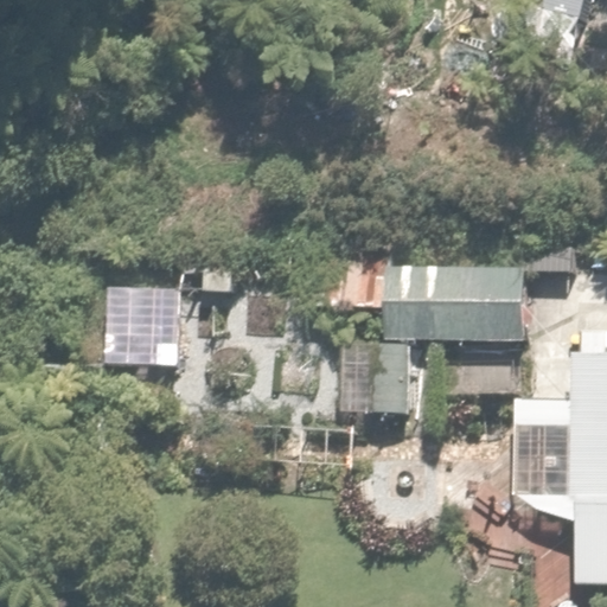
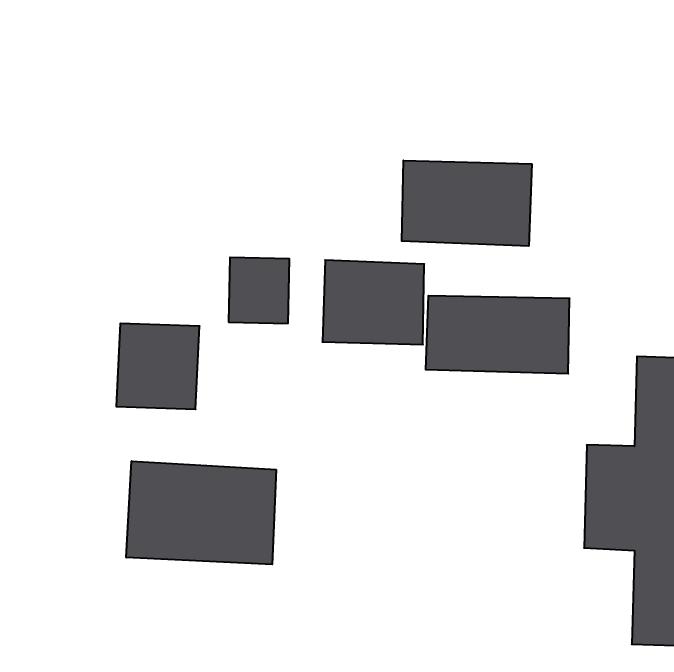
building: none -> [402,160,532,246]
building: none -> [126,461,276,564]

